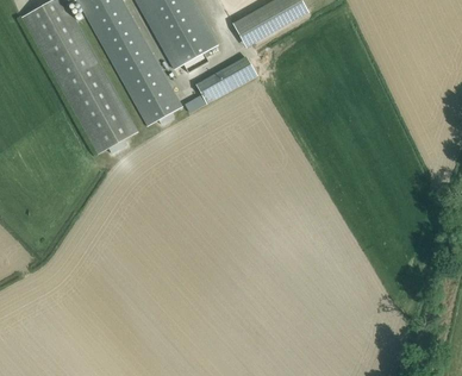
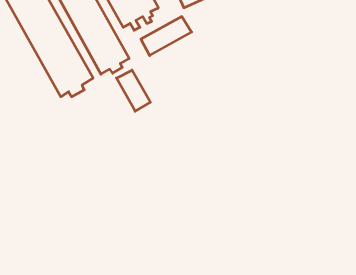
building: none -> [116,70,150,111]

